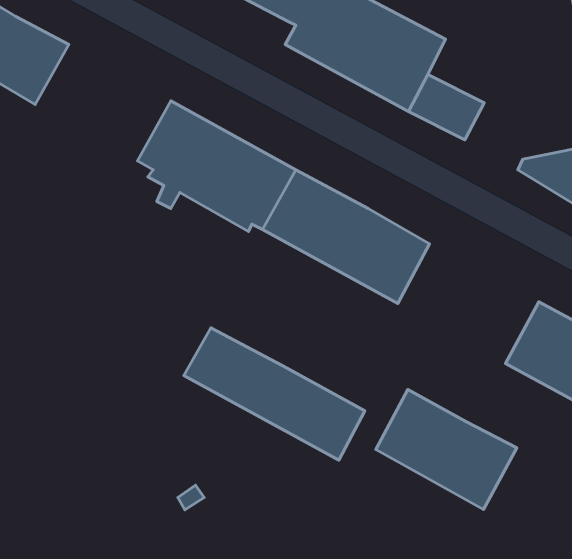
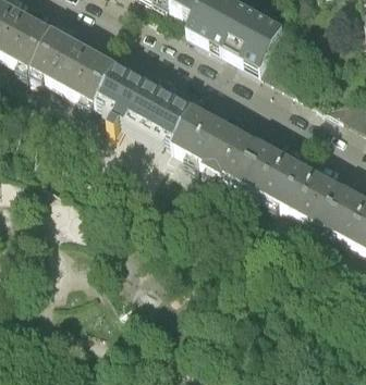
building: none -> [32,28,115,100]
building: [184,328,365,460] -> none
building: [376,390,517,509] -> [256,151,343,225]

